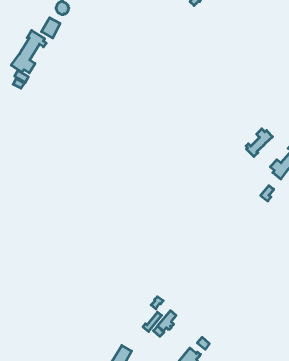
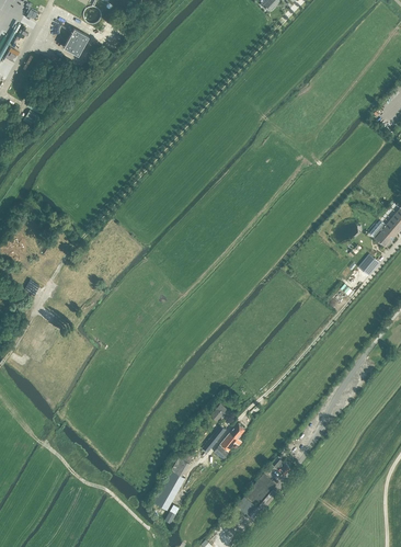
building: [11,30,46,73] -> none
building: [246,129,273,157] -> none

